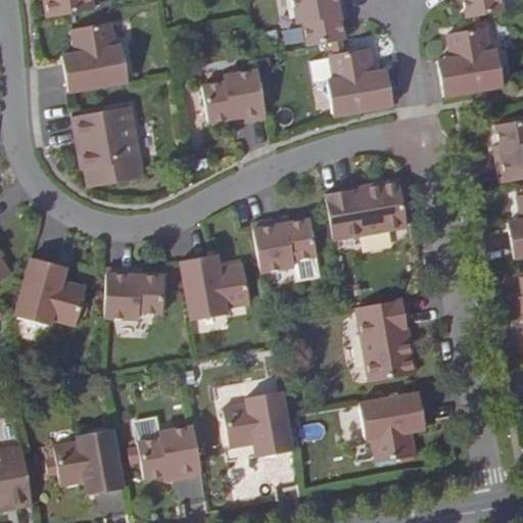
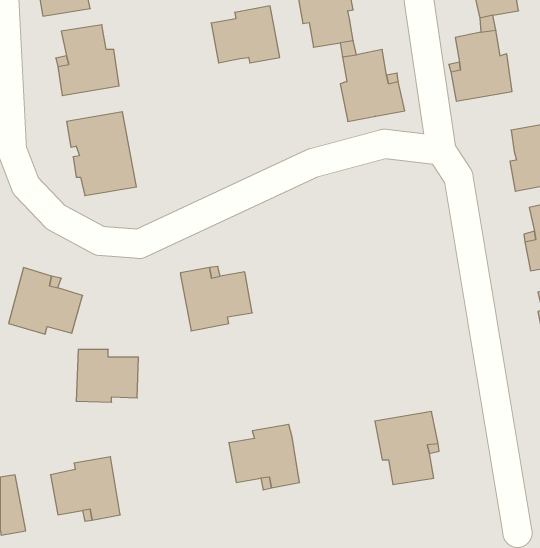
building: [201,72,267,126] -> [211,6,280,63]
building: [325,180,408,239] -> none
building: [264,216,329,271] -> none
building: [104,267,163,317] -> [76,350,138,402]
building: [356,298,416,381] -> none
building: [138,426,201,480] -> none

